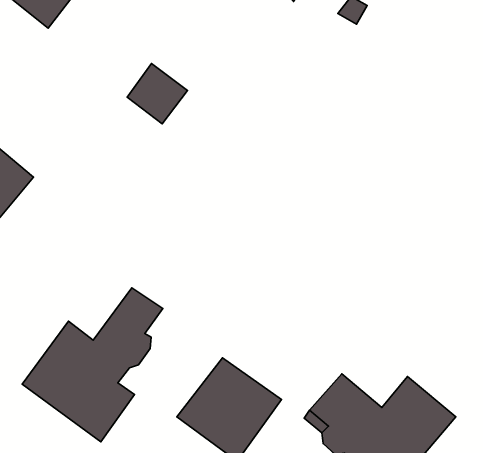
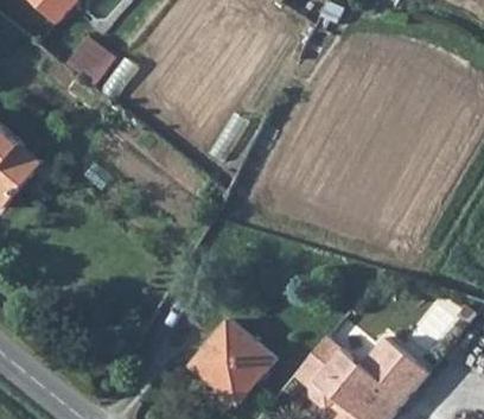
building: [127,64,188,124] -> [69,34,122,88]
building: [22,288,163,442] -> none

